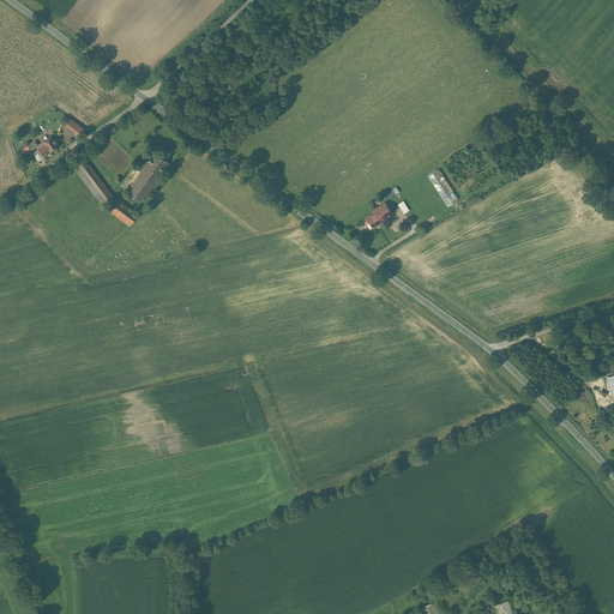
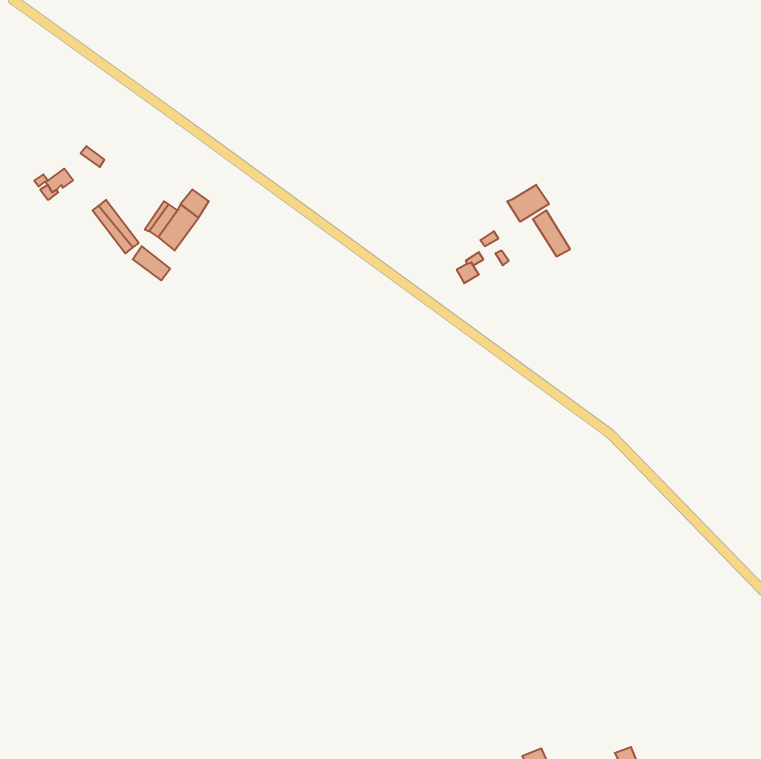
building: none -> [507,185,549,222]

